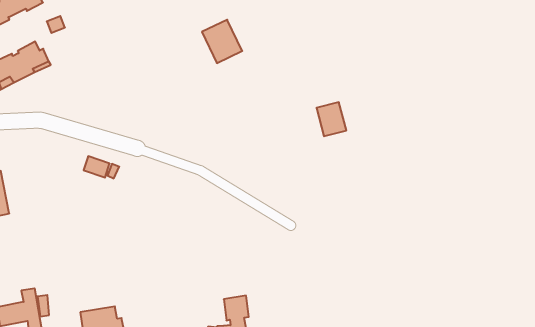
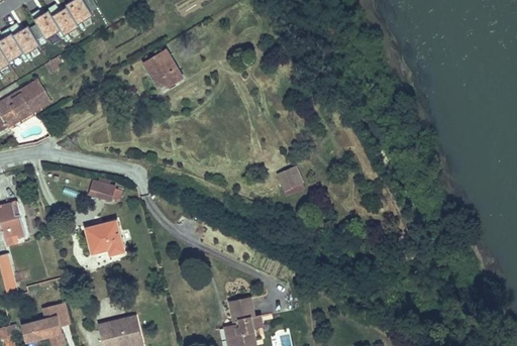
building: [202,20,242,63] -> [144,50,183,91]
building: [316,102,346,136] -> [275,162,304,195]
building: none -> [85,221,123,254]

